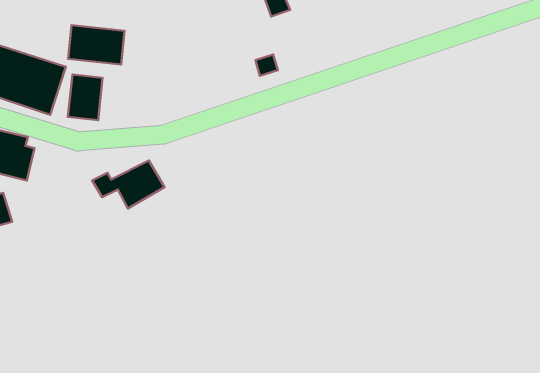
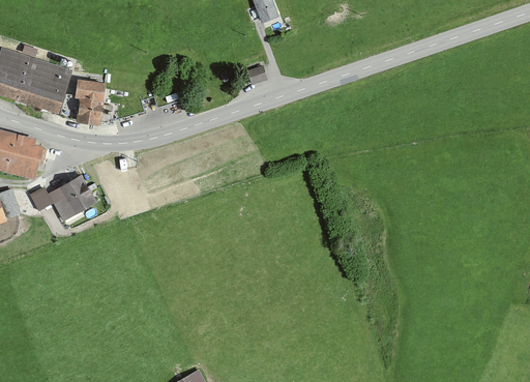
building: [68,25,125,64] -> none
building: [92,160,165,208] -> [28,177,95,222]

